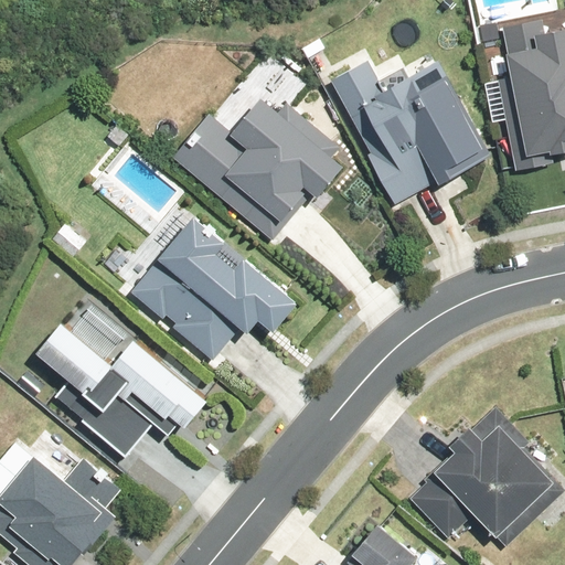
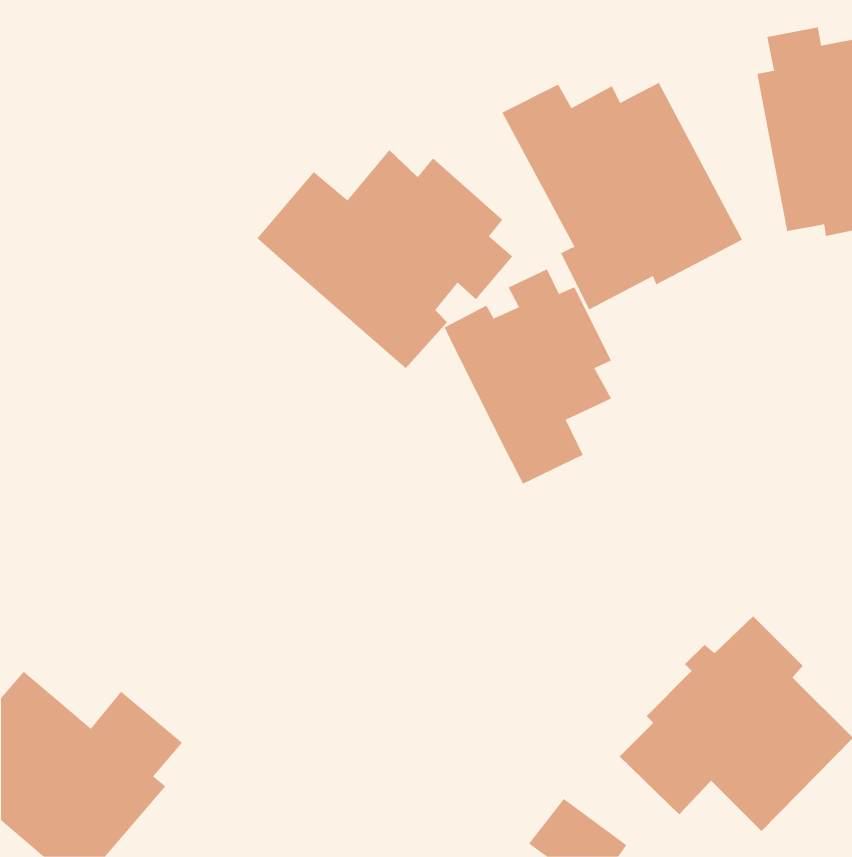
building: none -> [444,268,612,484]
building: [122,216,303,361] -> none
building: [29,320,210,459] -> none

